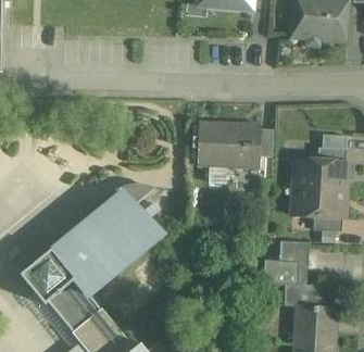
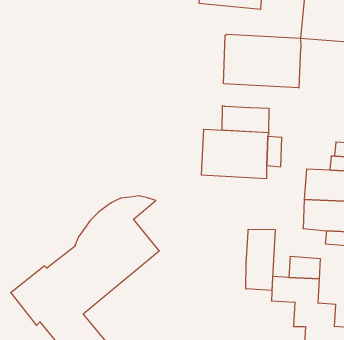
building: none -> [224,34,301,88]
building: none -> [222,106,269,133]
building: none -> [246,229,275,290]

